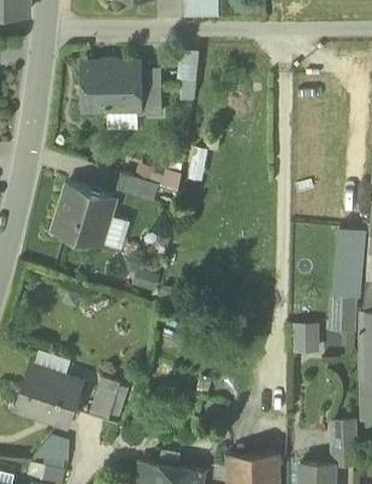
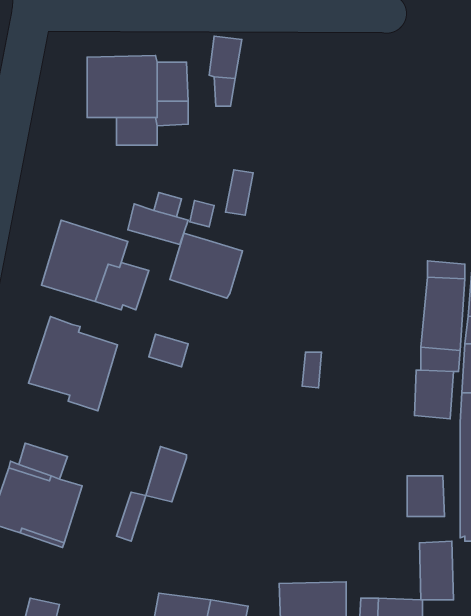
building: none -> [170,233,243,298]
building: none -> [28,317,118,411]
building: [293,323,320,353] -> [407,476,445,517]
building: [89,377,119,418] -> [146,447,186,502]
building: [34,433,73,468] -> none

